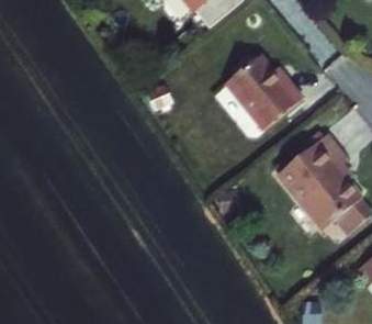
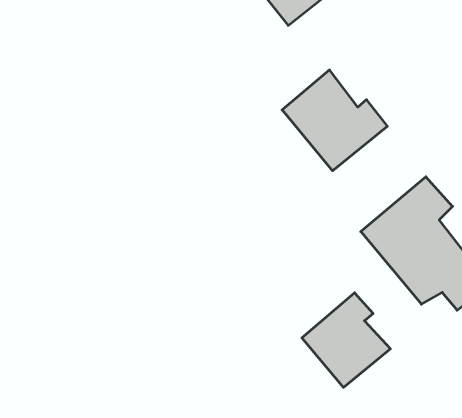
building: none -> [302,293,390,387]

